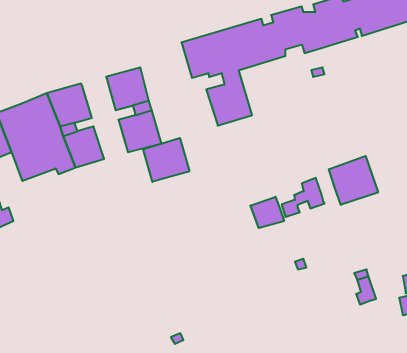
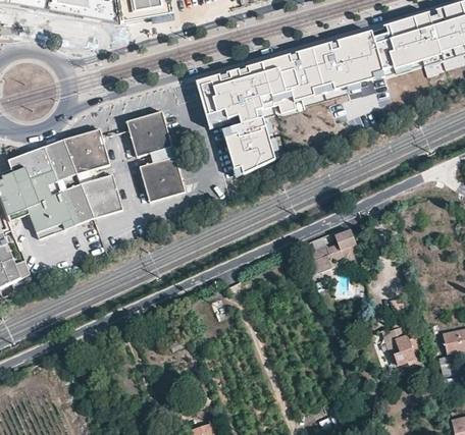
building: [143,138,189,182] -> none
building: [329,156,378,205] -> none
building: [250,197,284,228] -> none

